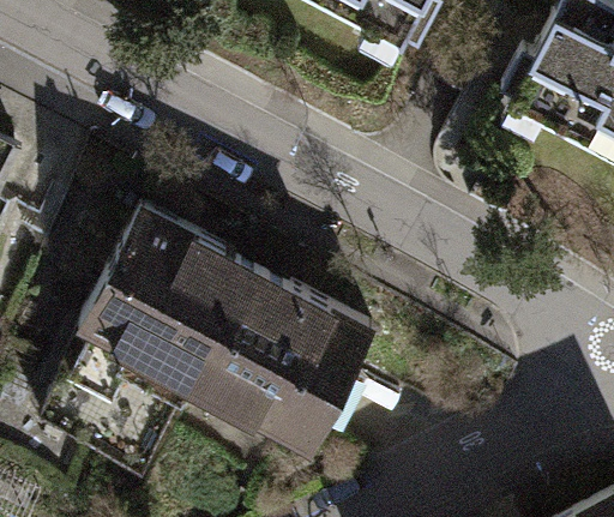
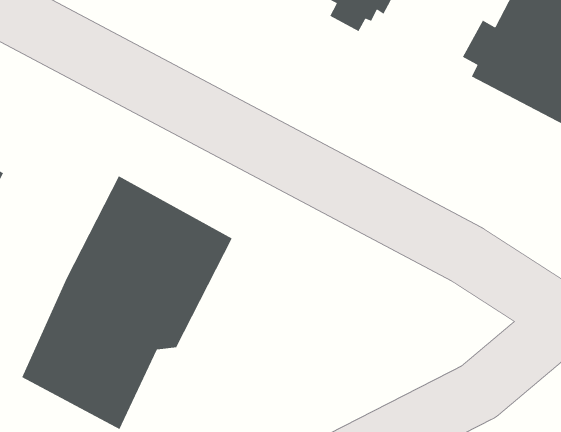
building: [206,270,377,426] -> none

